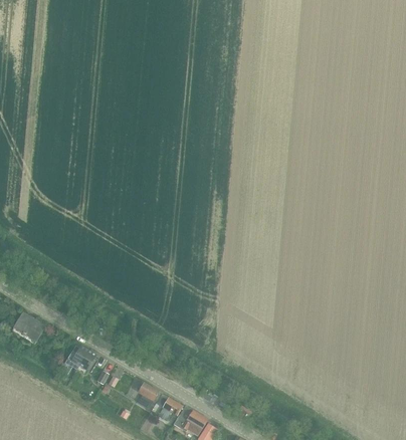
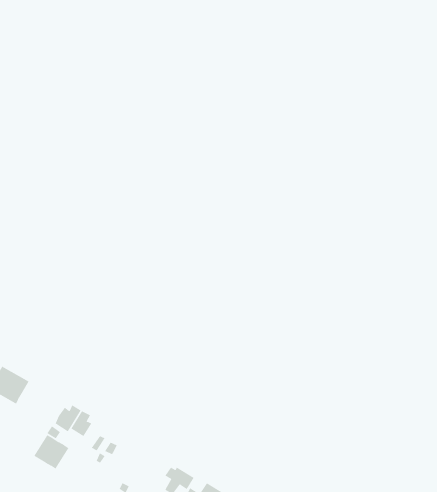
building: none -> [34,434,69,470]
building: [136,382,160,409] -> none

